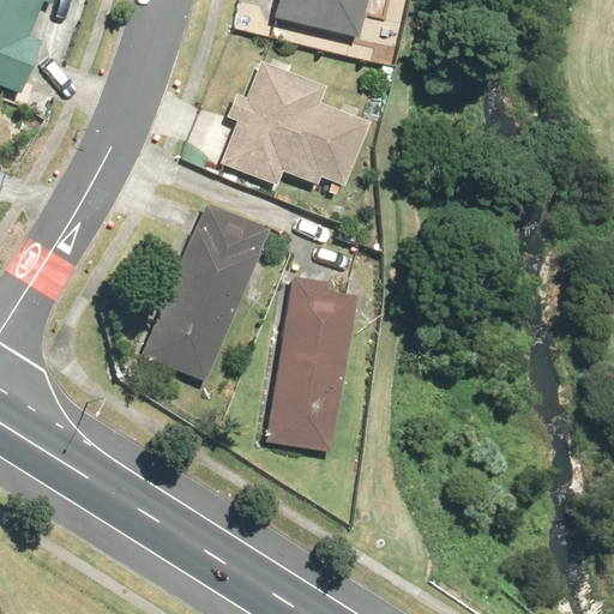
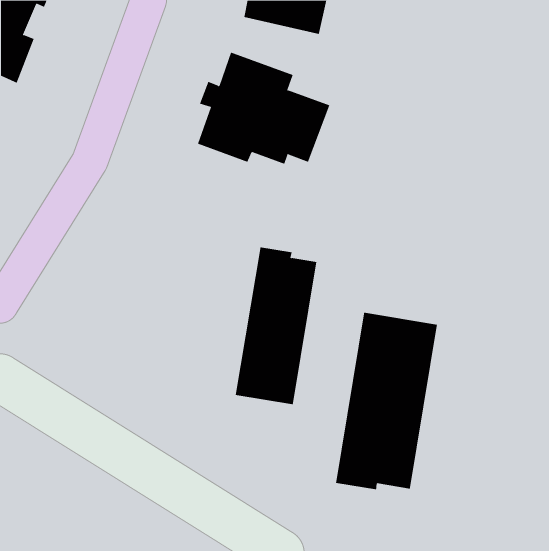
building: [144,201,266,381] -> none
building: none -> [335,312,438,490]

